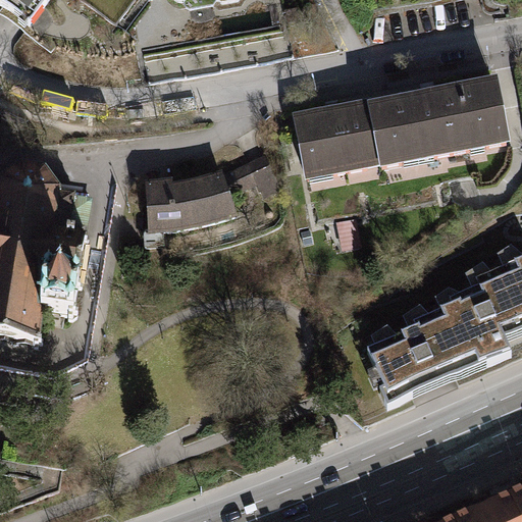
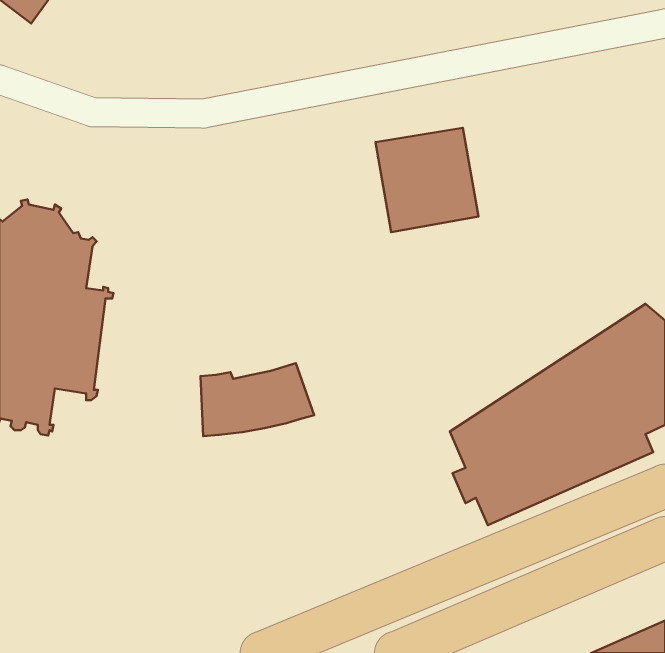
building: [362,76,509,169] -> none
building: [229,153,276,197] -> none
building: [147,168,236,225] -> [201,363,314,436]

